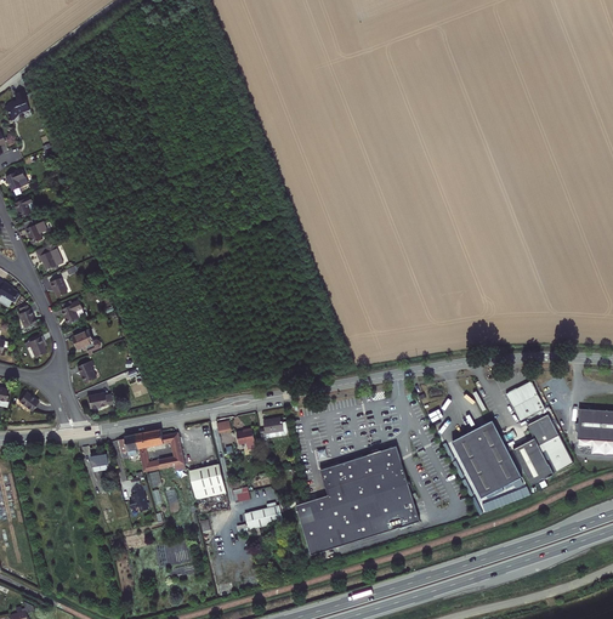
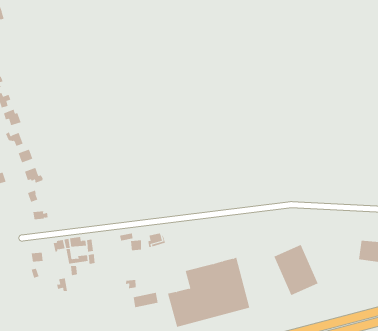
building: [505,381,543,421] -> none
building: [512,415,572,484] -> none
building: [188,464,225,499] -> none

